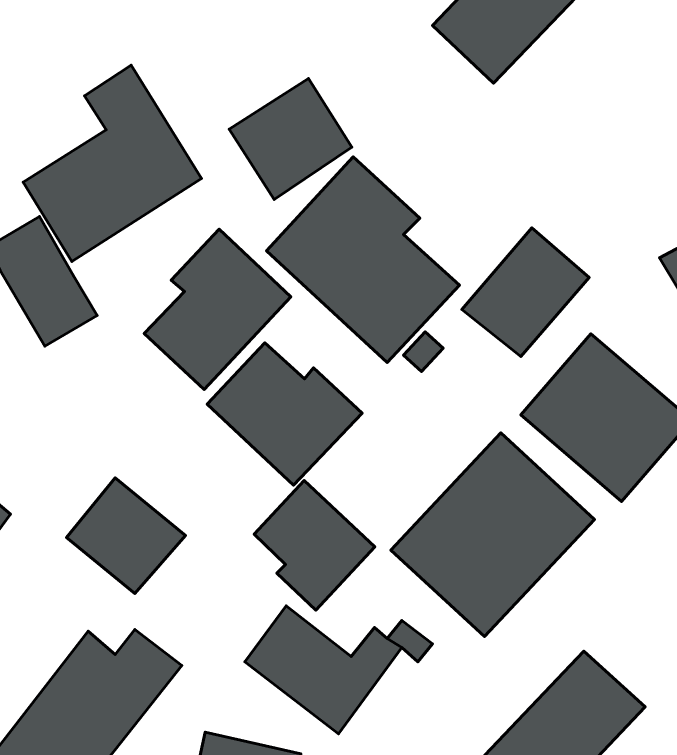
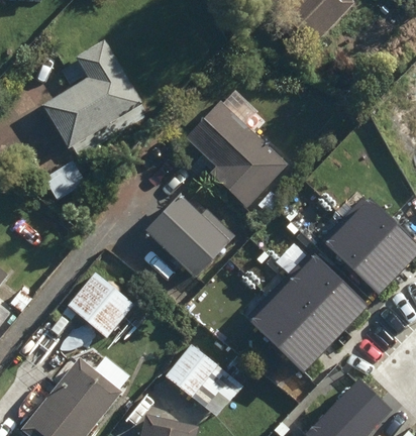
building: [229,79,352,200] -> none
building: [462,228,589,357] -> none
building: [144,229,291,389] -> none
building: [254,481,375,610] -> none

